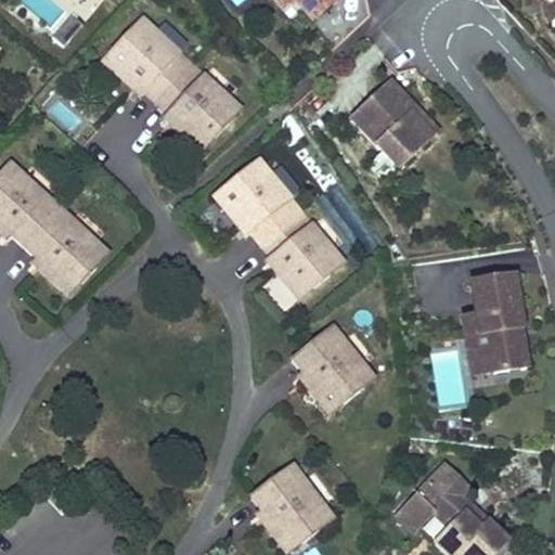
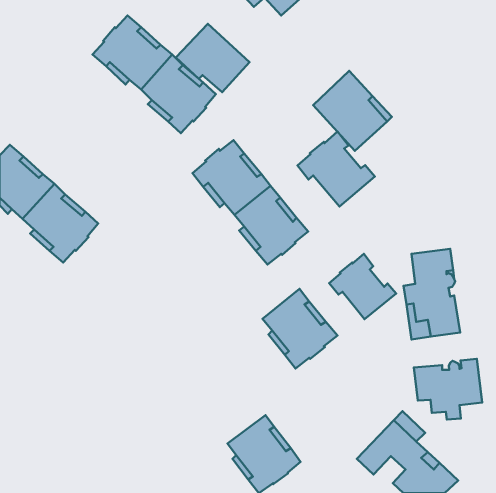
building: none -> [176,24,250,92]
building: none -> [297,132,375,207]
building: none -> [329,254,396,319]
building: none -> [414,359,482,420]

